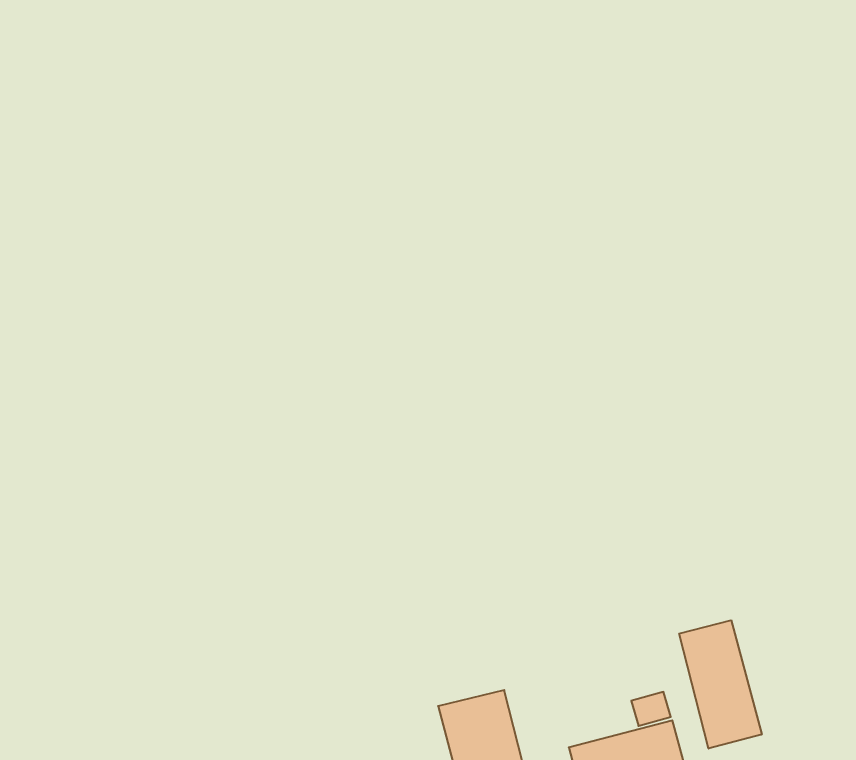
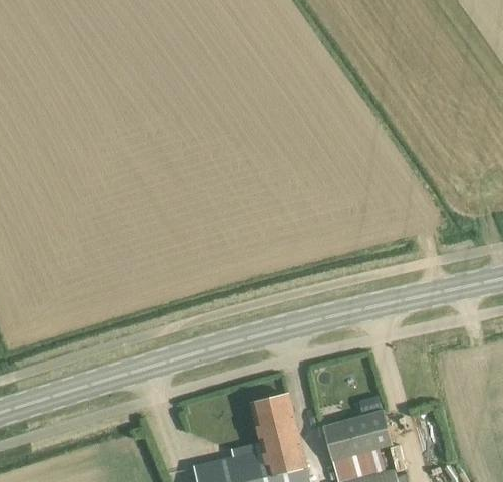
building: [679,620,762,749] -> none

